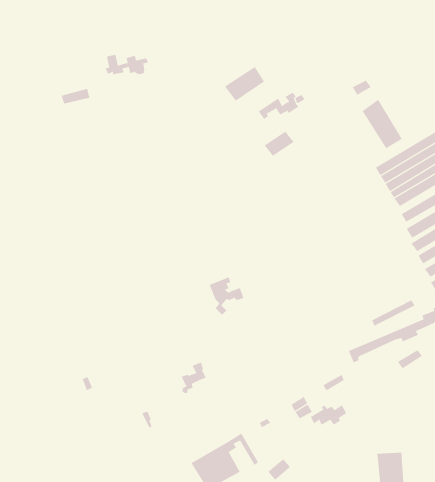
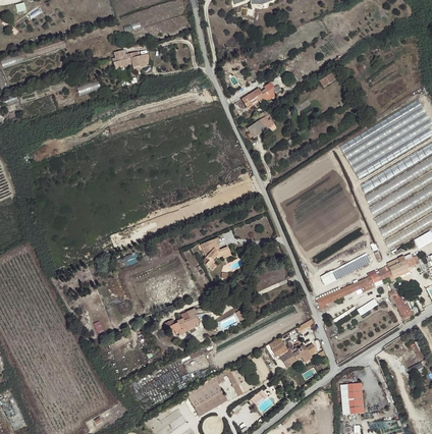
building: [224,66,265,102] -> none
building: [362,99,403,149] -> none

